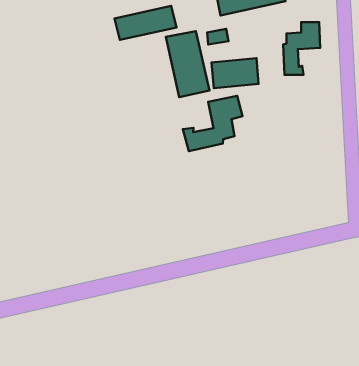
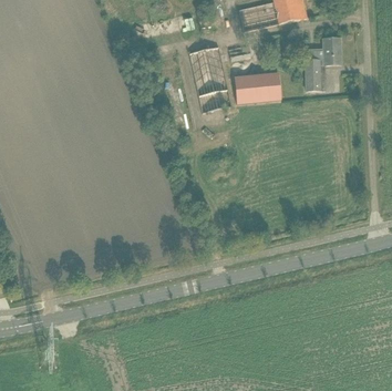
building: [114,6,177,40] -> none
building: [183,96,243,151] -> none

